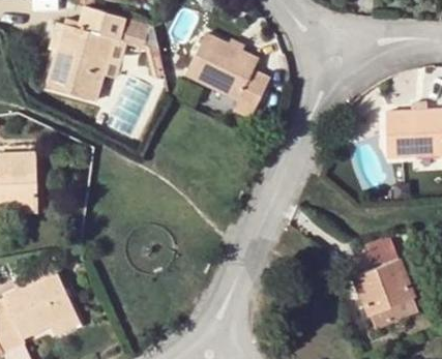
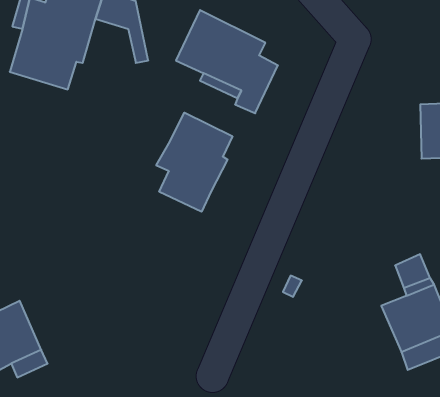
building: none -> [156,113,232,212]

